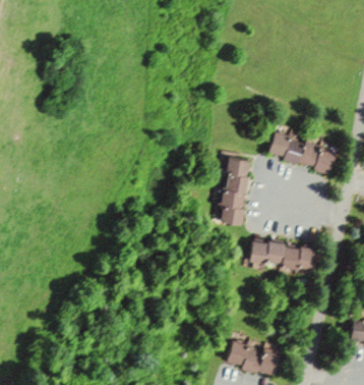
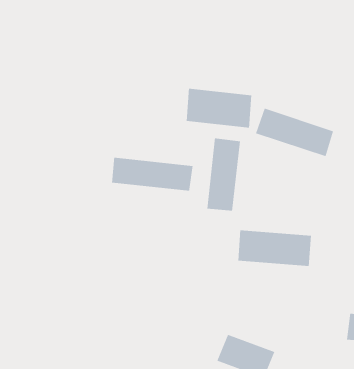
building: none -> [186,88,252,128]
building: none -> [111,157,193,191]

